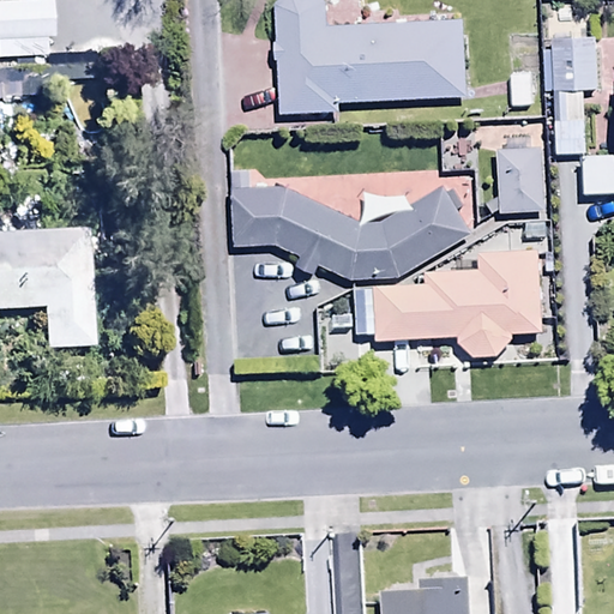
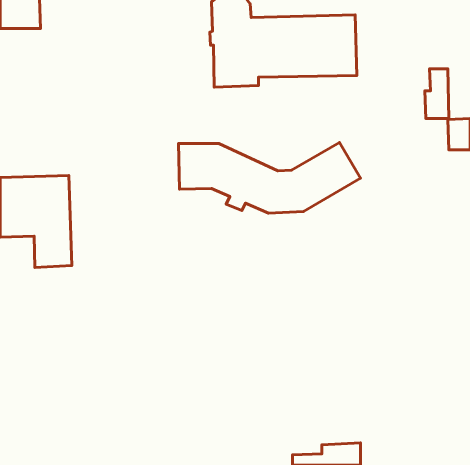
building: [543,37,595,90] -> none
building: [496,137,541,210] -> none
building: [374,229,540,359] -> none

